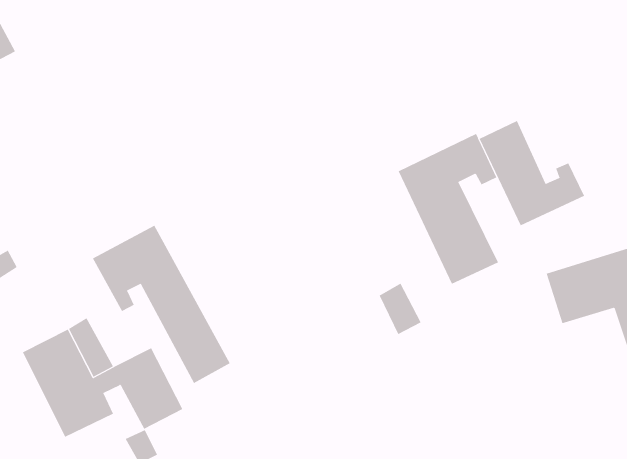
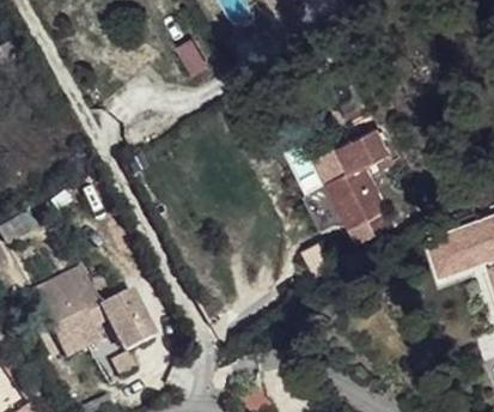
building: [479,120,585,226] -> none
building: [92,225,231,384] -> none

